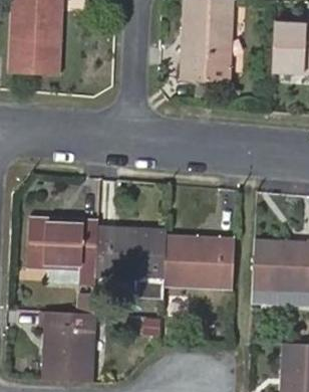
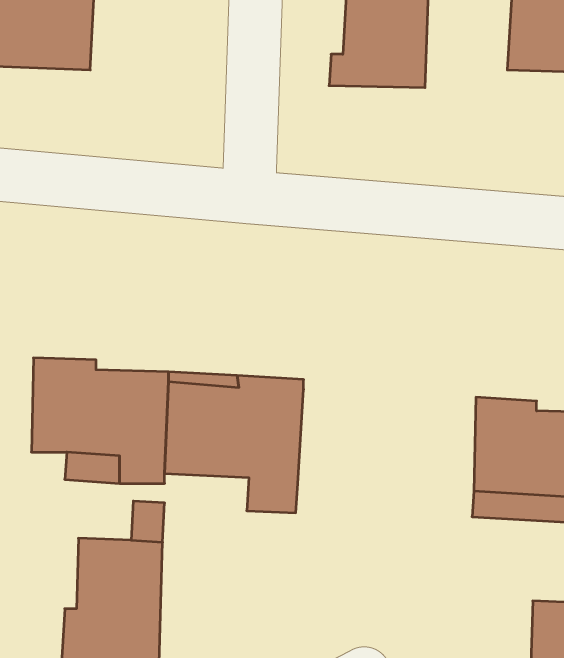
building: [164,235,233,287] -> none

